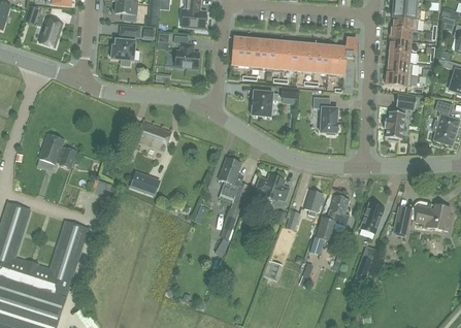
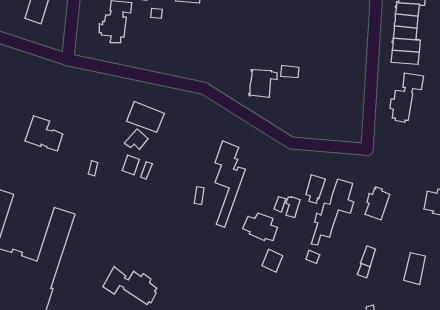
building: [173,34,199,68] -> none
building: [235,36,355,92] -> none
building: [312,96,337,131] -> none
building: [256,173,289,199] -> [243,213,278,241]
building: [392,204,413,234] -> [404,253,425,285]
building: none -> [103,266,157,305]

